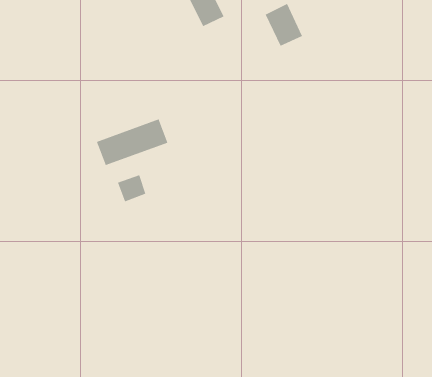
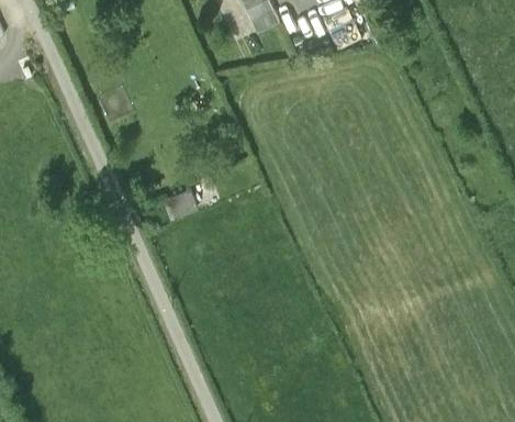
building: [96,118,168,166] -> none

